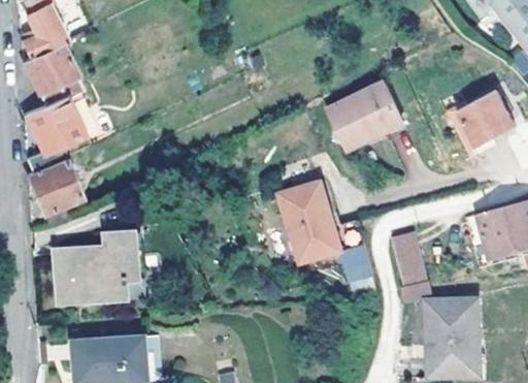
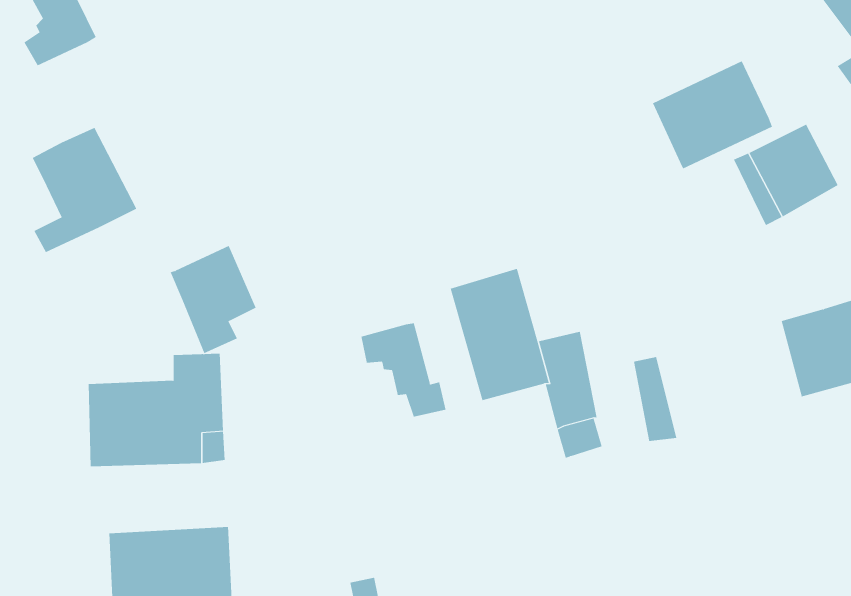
building: [22,42,79,103] -> none
building: [327,83,400,149] -> [652,61,773,169]
building: [30,155,82,221] -> [170,245,256,354]
building: none -> [361,322,446,417]
building: [424,296,478,375] -> none

